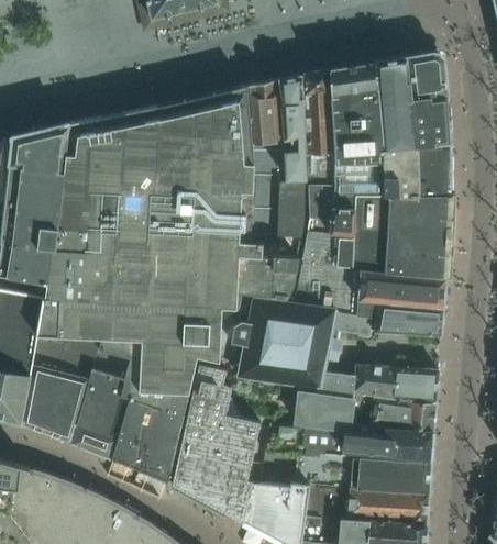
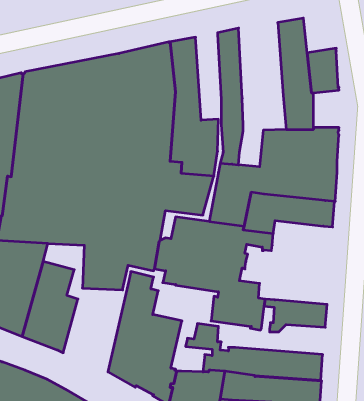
building: [407,54,446,100] -> none
building: [329,64,386,237] -> none
building: [277,76,305,181] -> none
building: [419,145,450,190] -> none
building: [373,303,442,335] -> none
building: [93,330,189,482] -> none
building: [353,366,439,403] -> none
building: [303,428,433,460] -> none

